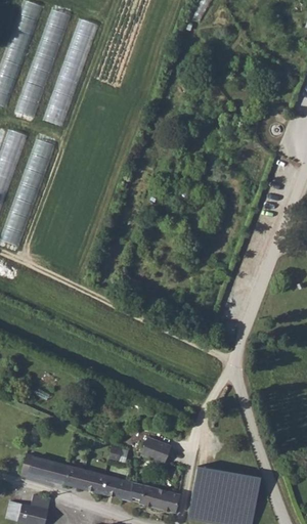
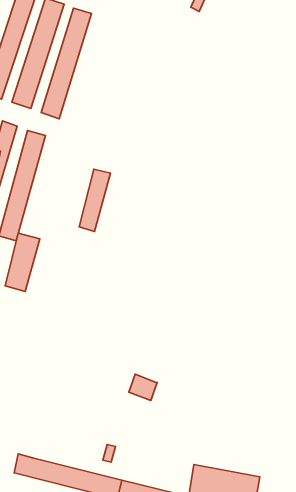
building: none -> [79,169,111,231]
building: none -> [5,233,40,292]
building: [141,437,169,463] -> [129,374,157,400]

